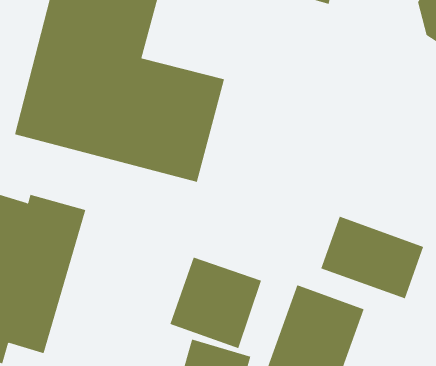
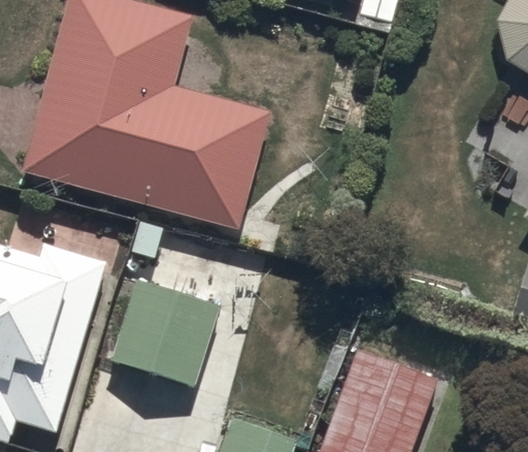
building: [321,216,424,299] -> none
building: [170,257,262,349] -> [111,278,220,386]

